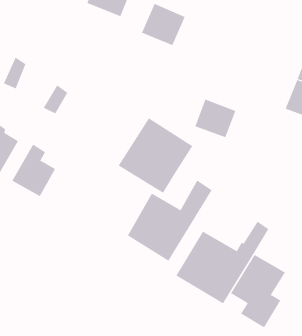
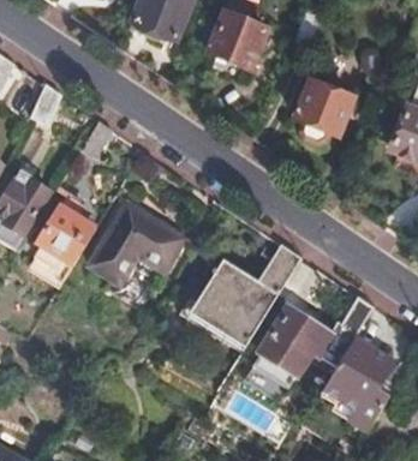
building: [194,99,236,138] -> [297,82,351,132]
building: [118,117,193,193] -> [90,202,187,300]

